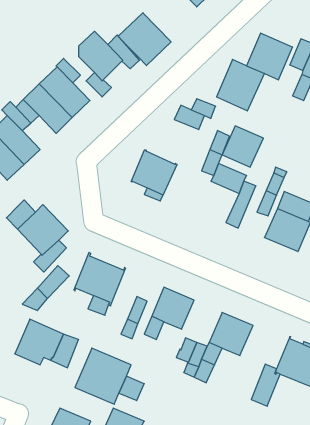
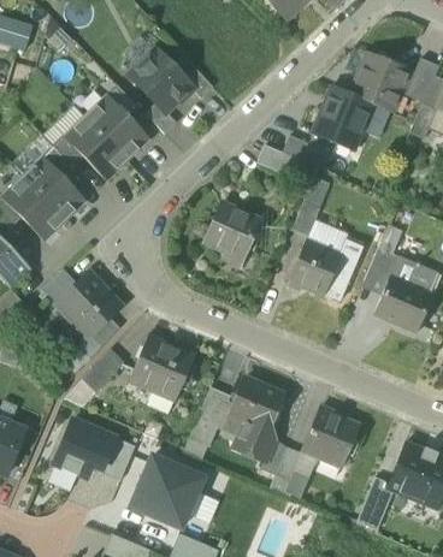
building: [118,13,171,66] -> none
building: [222,126,263,167] -> [288,242,341,295]
building: none -> [235,422,274,458]

